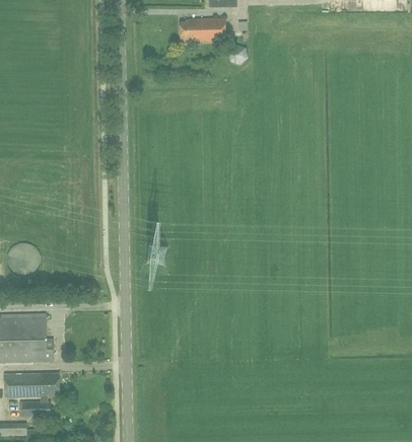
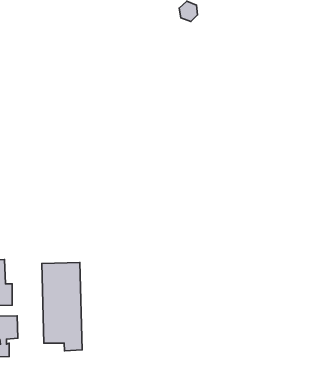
building: none -> [42,262,82,351]

